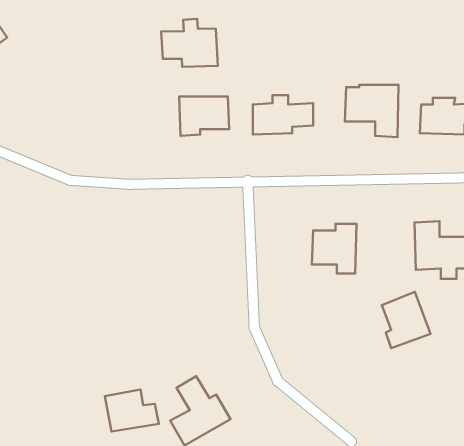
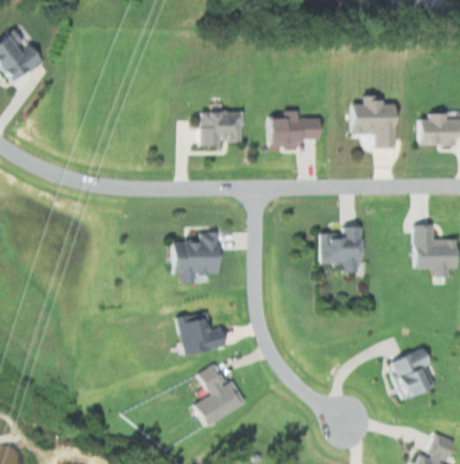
building: [161,19,218,67] -> none
building: none -> [169,232,221,286]
building: [382,292,430,348] -> [391,349,435,400]
building: [105,390,159,432] -> [177,316,226,355]

